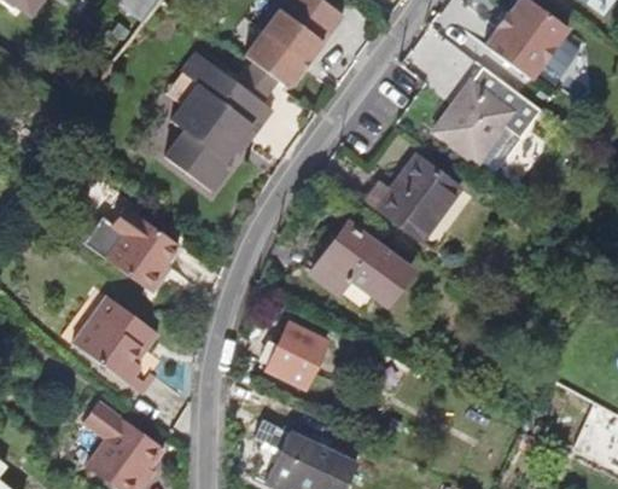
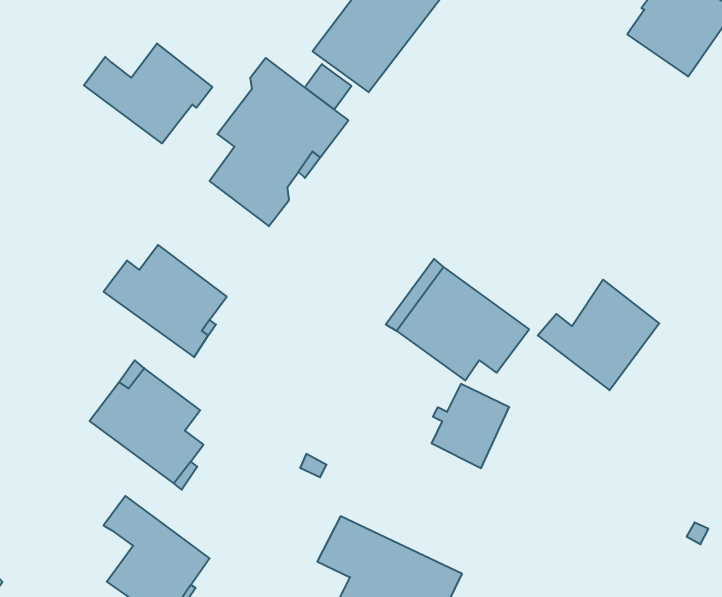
building: none -> [84,43,212,143]
building: [435,68,536,171] -> none
building: [366,155,460,240] -> [538,280,659,390]
building: [267,322,327,388] -> [431,384,509,468]

